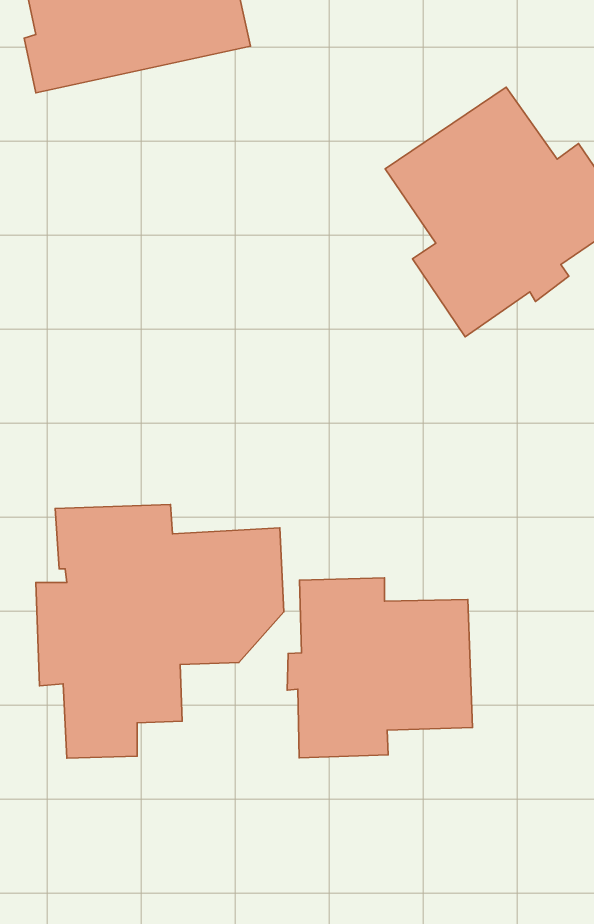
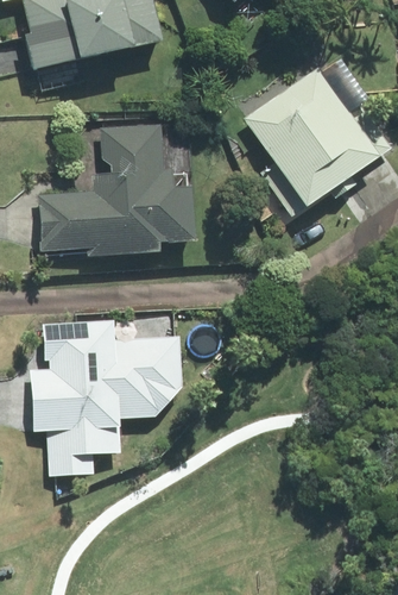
building: none -> [37,123,194,256]
building: [287,578,472,758] -> none

